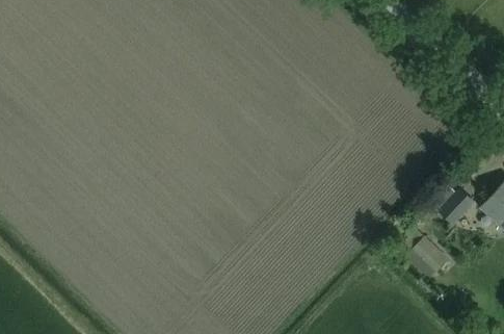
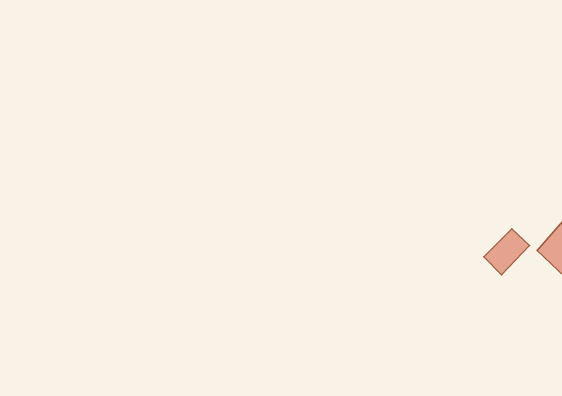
building: [409,234,449,273] -> none

